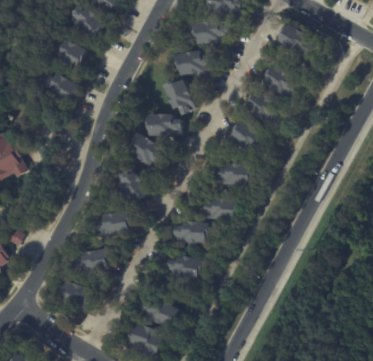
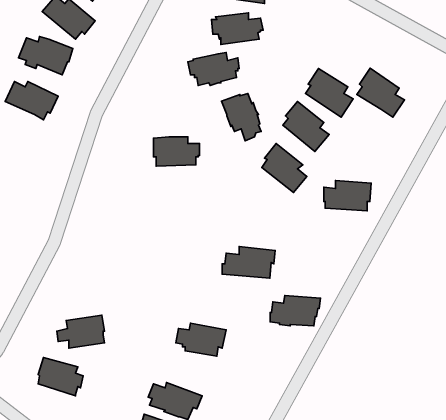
building: [277,20,313,57] -> [357,68,405,117]
building: [162,80,192,116] -> [221,93,261,141]
building: [126,131,163,167] -> none
building: [218,163,254,186] -> [324,181,371,211]
building: [117,168,152,205] -> none
building: [95,212,133,236] -> none
building: [176,221,214,244] -> [270,295,321,326]

